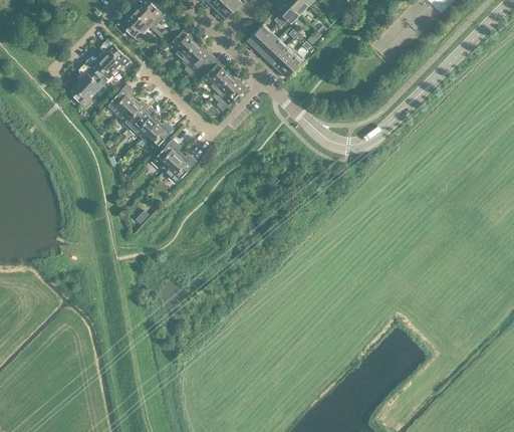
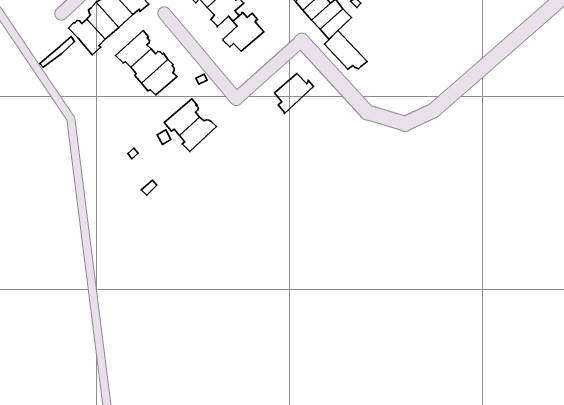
building: none -> [324,31,367,69]
building: [212,76,245,112] -> [274,74,313,114]
building: [142,121,174,152] -> none

